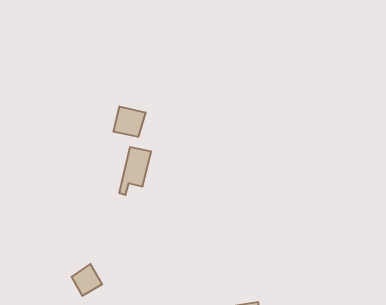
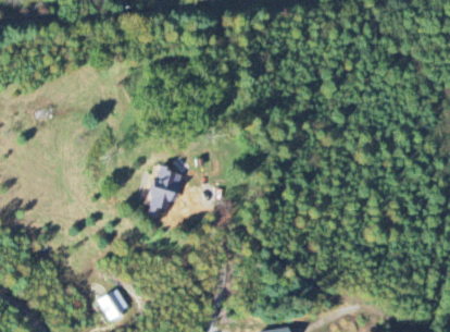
building: [114,106,146,137] -> none

